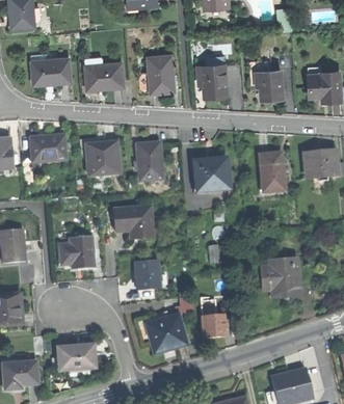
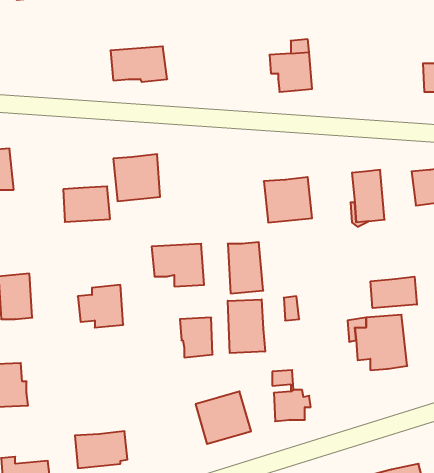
building: [31,54,71,85] -> none
building: [148,54,175,93] -> none
building: [255,70,283,100] -> none
building: [30,135,64,161] -> [63,186,110,222]
building: [136,143,162,181] -> [228,242,263,293]
building: none -> [371,277,417,308]
building: none -> [228,299,265,353]

